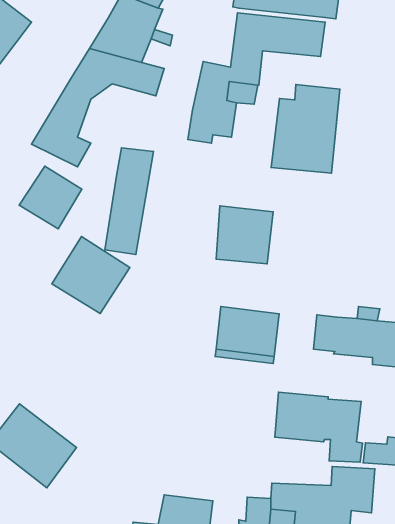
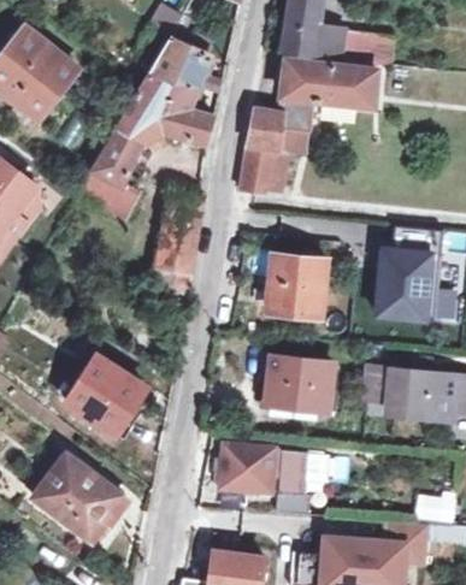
building: [271,84,340,173] -> [367,226,437,317]
building: [19,166,82,229] -> none
building: [52,237,130,314] -> [66,355,146,433]
building: [275,392,362,462] -> [217,442,306,513]

